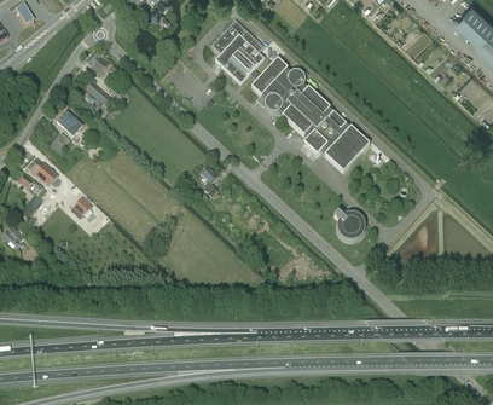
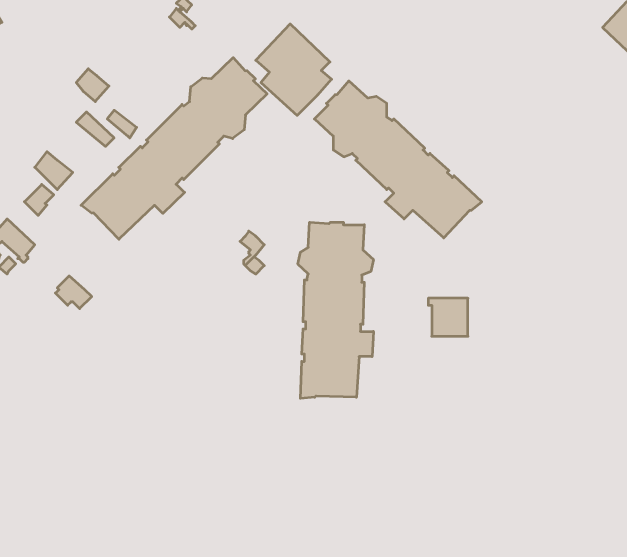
building: none -> [81,58,267,239]
building: none -> [298,222,373,398]

